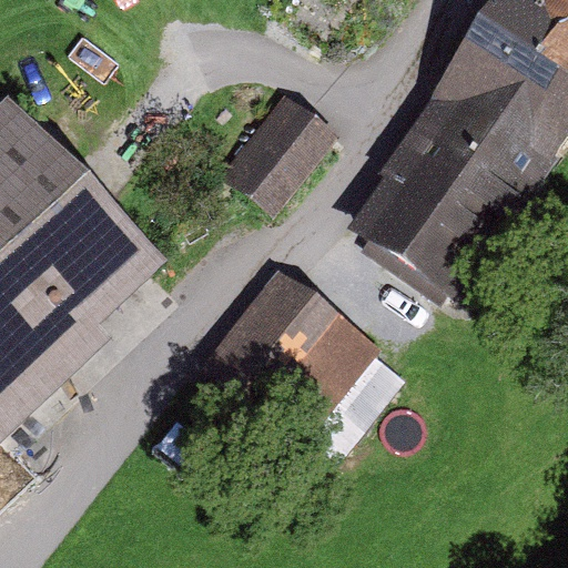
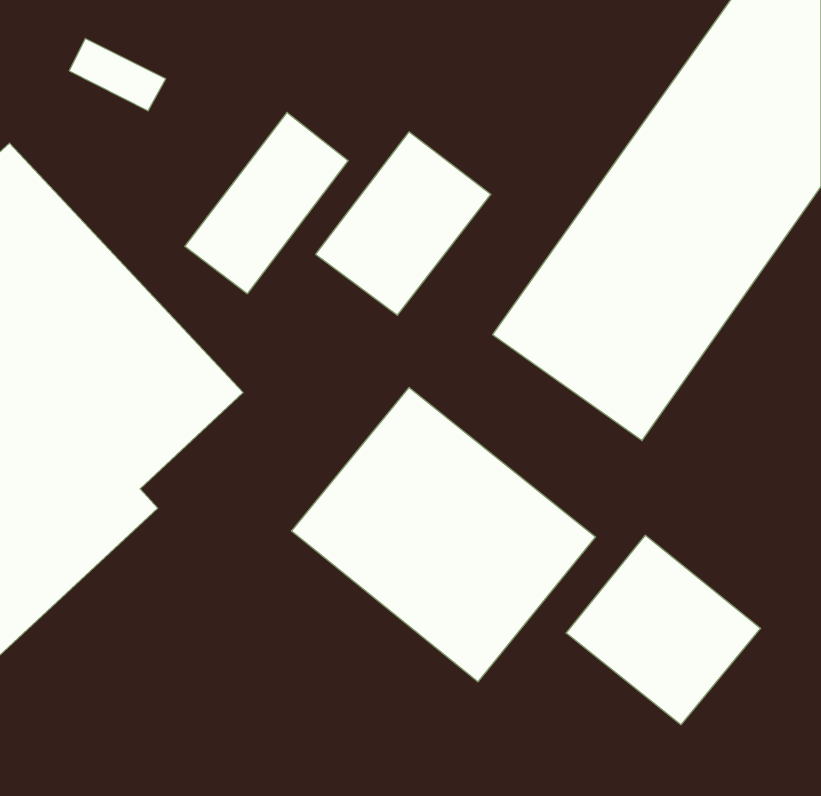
building: none -> [185,112,348,294]
building: none -> [566,535,761,725]

